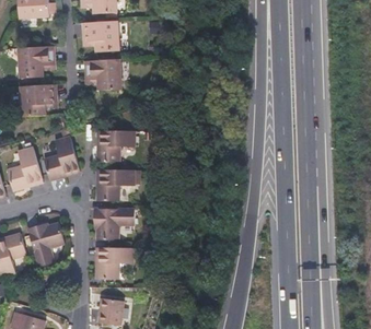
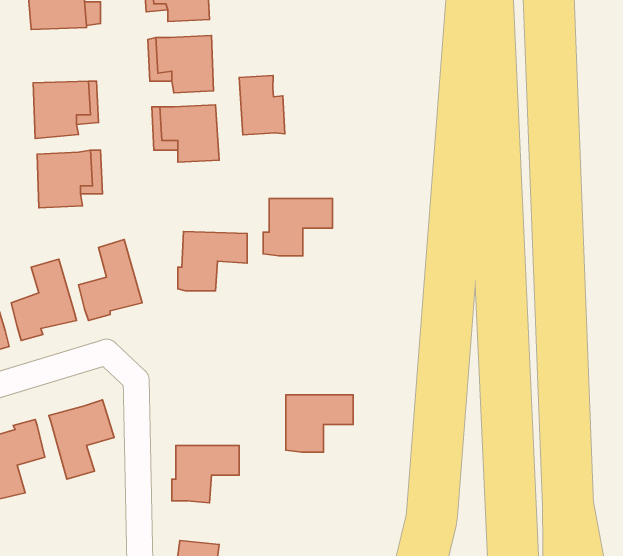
building: none -> [239,76,285,135]
building: [97,168,136,200] -> [263,198,333,256]
building: [97,208,135,239] -> [286,395,353,452]

